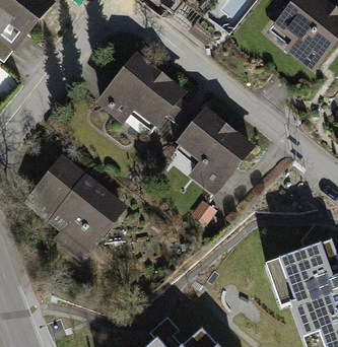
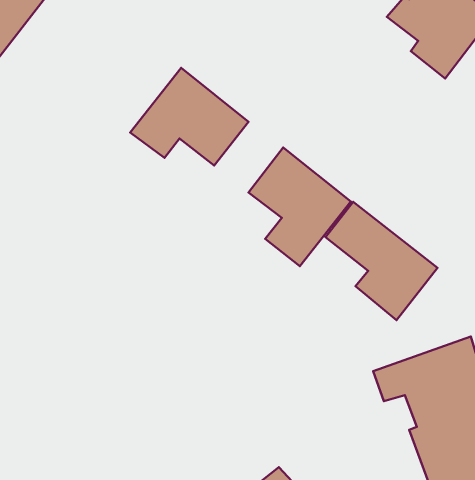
building: none -> [326,202,438,320]
building: [31,159,121,253] -> none

